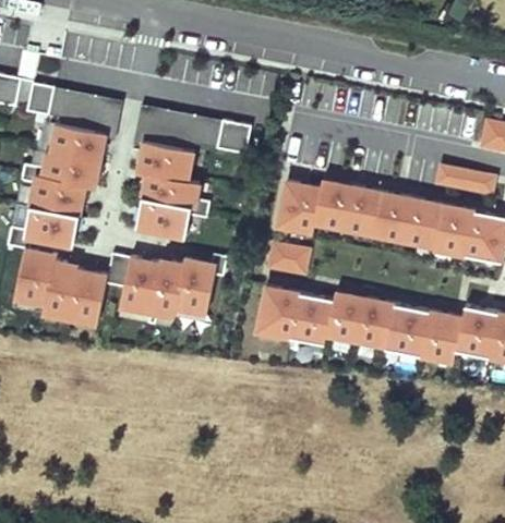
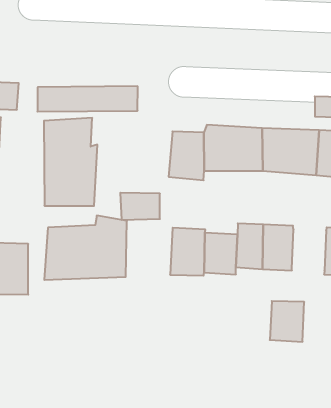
building: [265,240,311,275] -> [120,193,160,220]
building: [386,305,430,354] -> [270,301,304,342]

